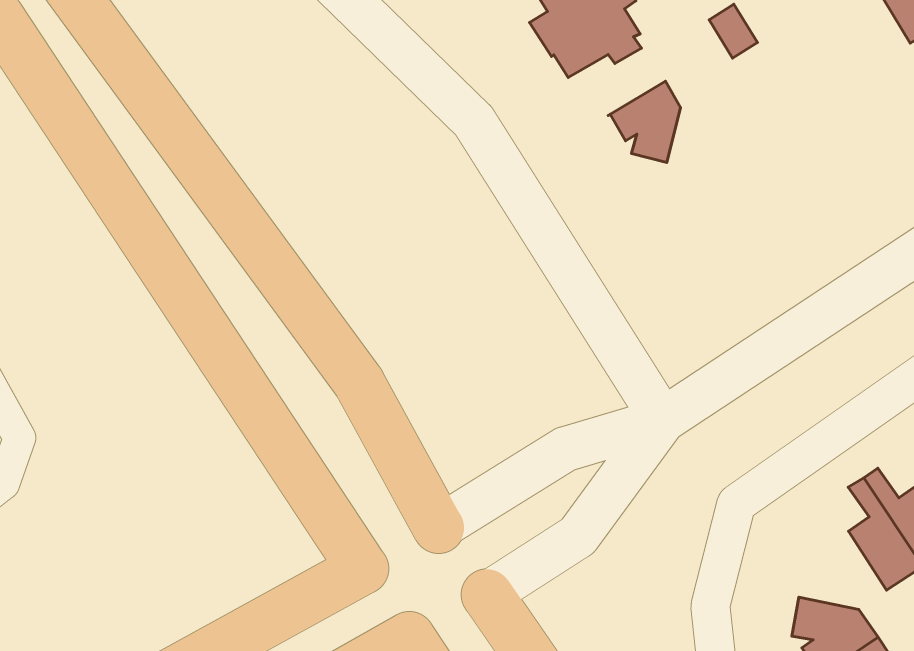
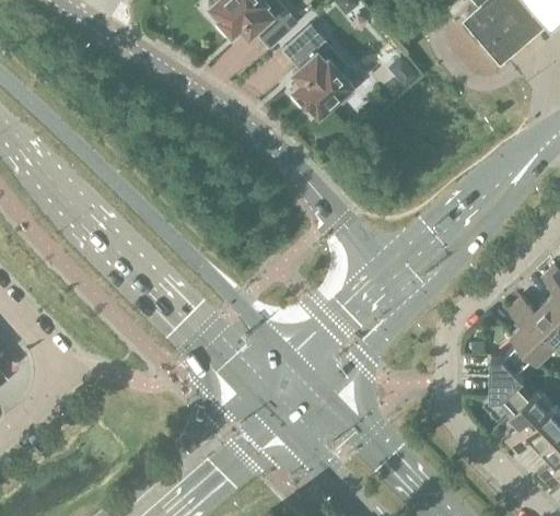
building: [608,81,681,163] -> none
building: none -> [491,336,538,377]

